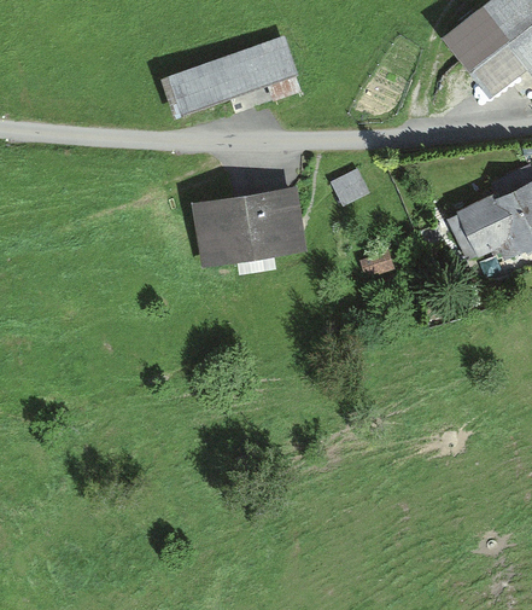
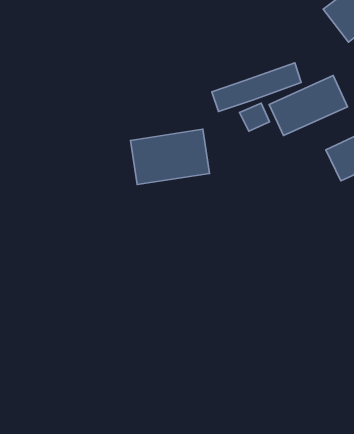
building: [174,43,288,106] -> [212,63,301,112]
building: none -> [269,76,348,136]

